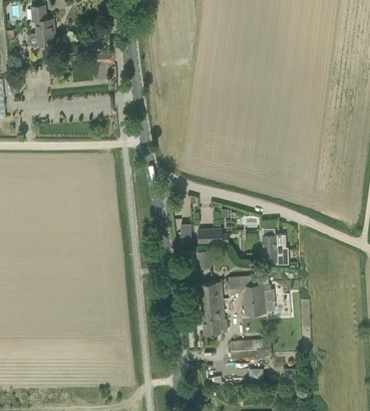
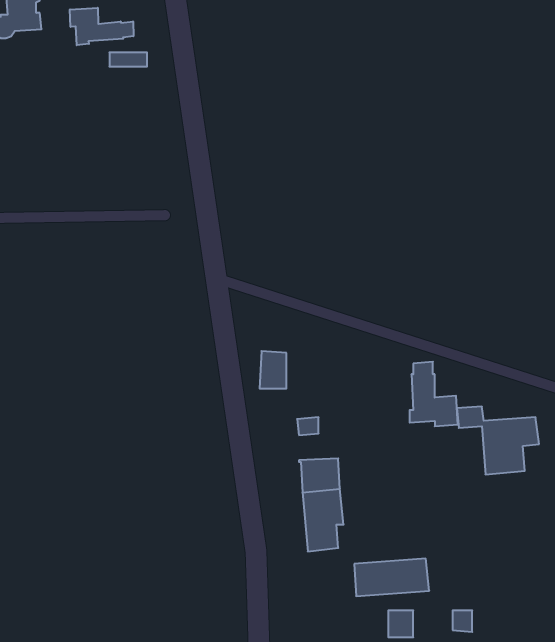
building: none -> [70,8,133,45]
building: [198,228,229,243] -> none
building: [229,276,275,315] -> [457,407,539,474]

